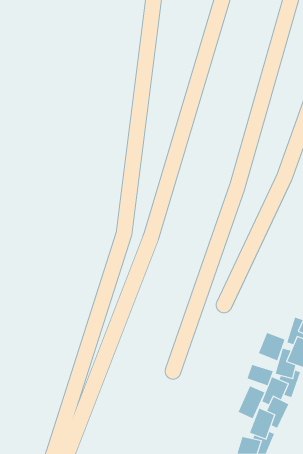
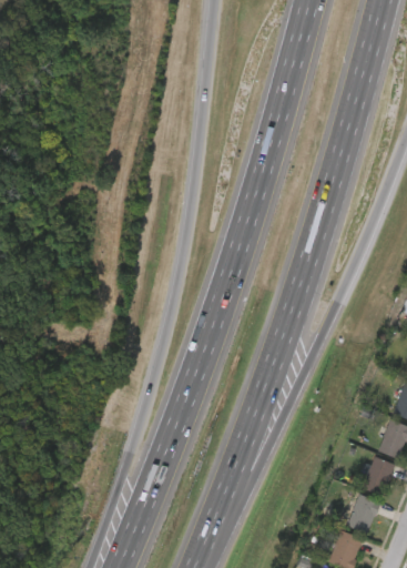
building: [258,332,285,361] -> none
building: [247,364,273,386] -> none
building: [238,385,265,419] -> none

